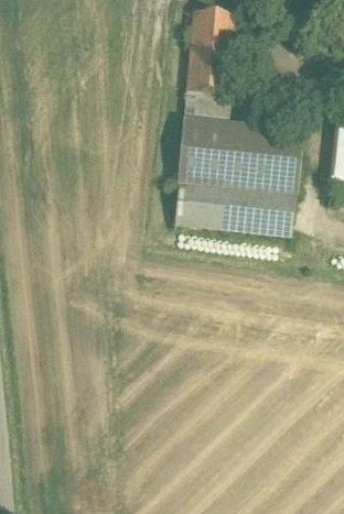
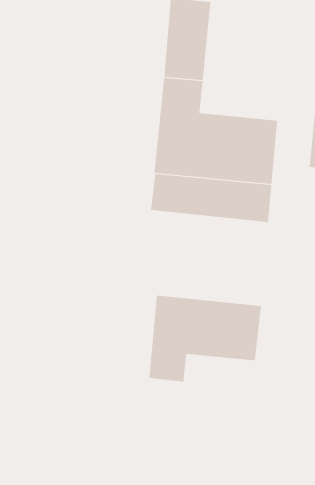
building: none -> [149,295,261,383]

